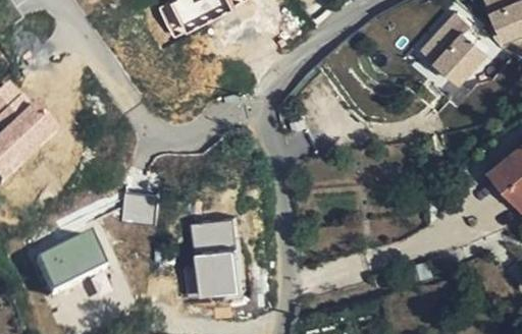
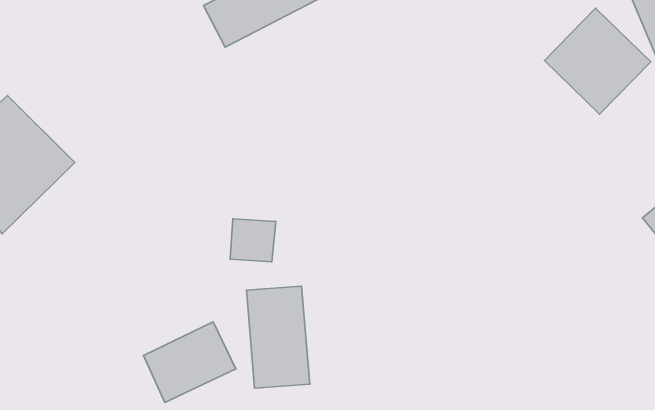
building: [120,192,155,225] -> [230,219,276,262]
building: [36,229,106,290] -> [143,322,236,402]

